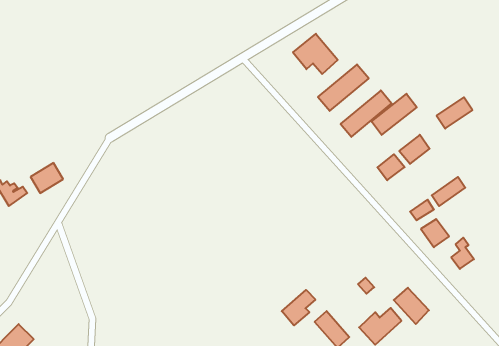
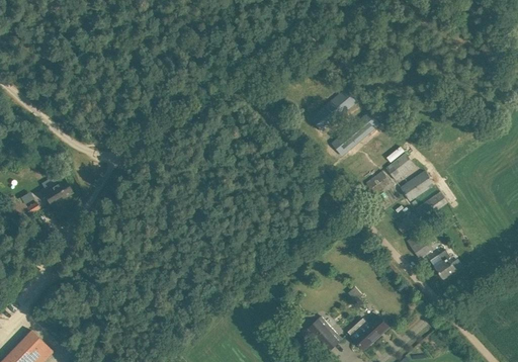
building: [293,34,338,74] -> none
building: [371,94,417,135] -> none
building: [437,97,472,129] -> [402,171,435,200]
building: [394,288,429,324] -> none
building: [282,290,315,325] -> none

